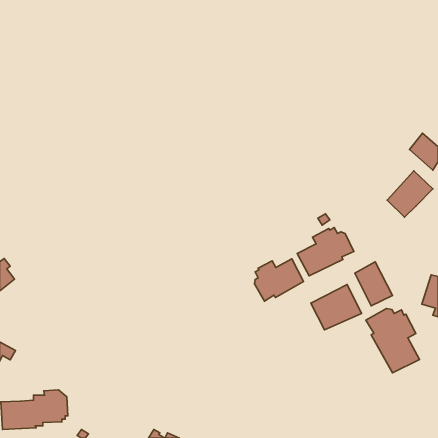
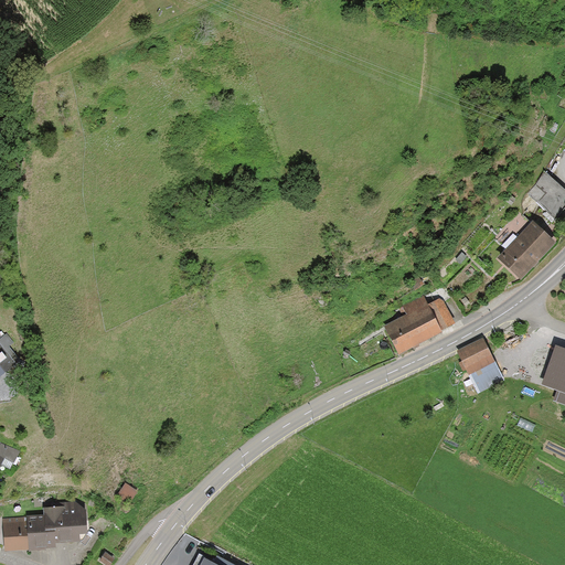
building: [255,259,303,301] -> none
building: [311,284,361,330] -> none
building: [366,308,419,373] -> none

